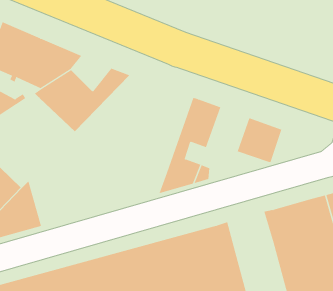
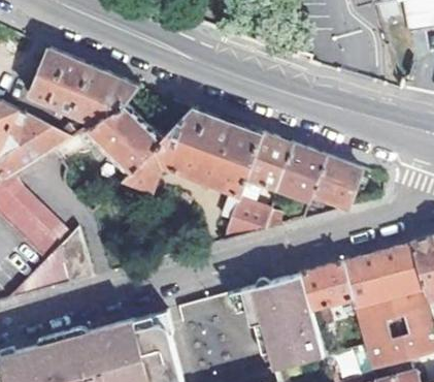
building: none -> [116,108,261,218]
building: none -> [276,145,324,200]
building: none -> [300,261,350,308]

